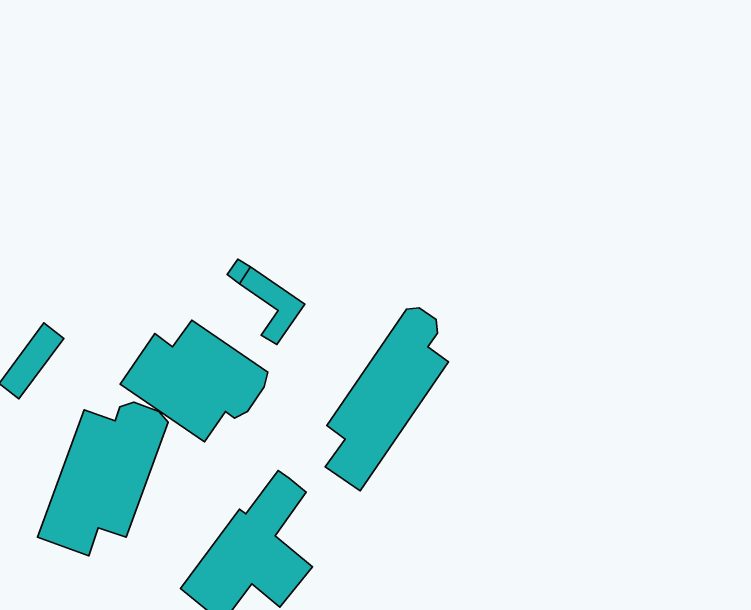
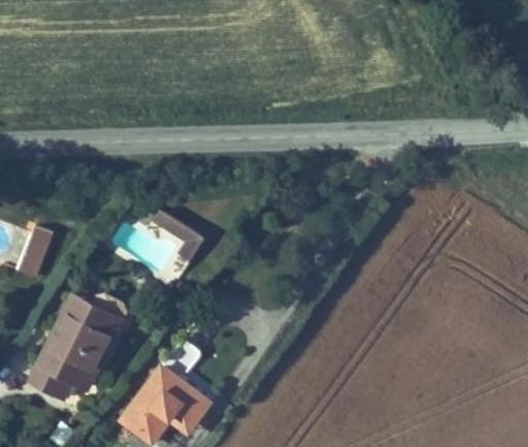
building: [325,308,449,491] -> none
building: [120,320,268,442] -> none

